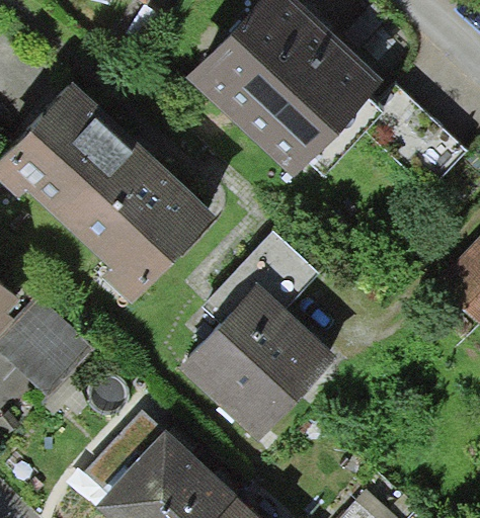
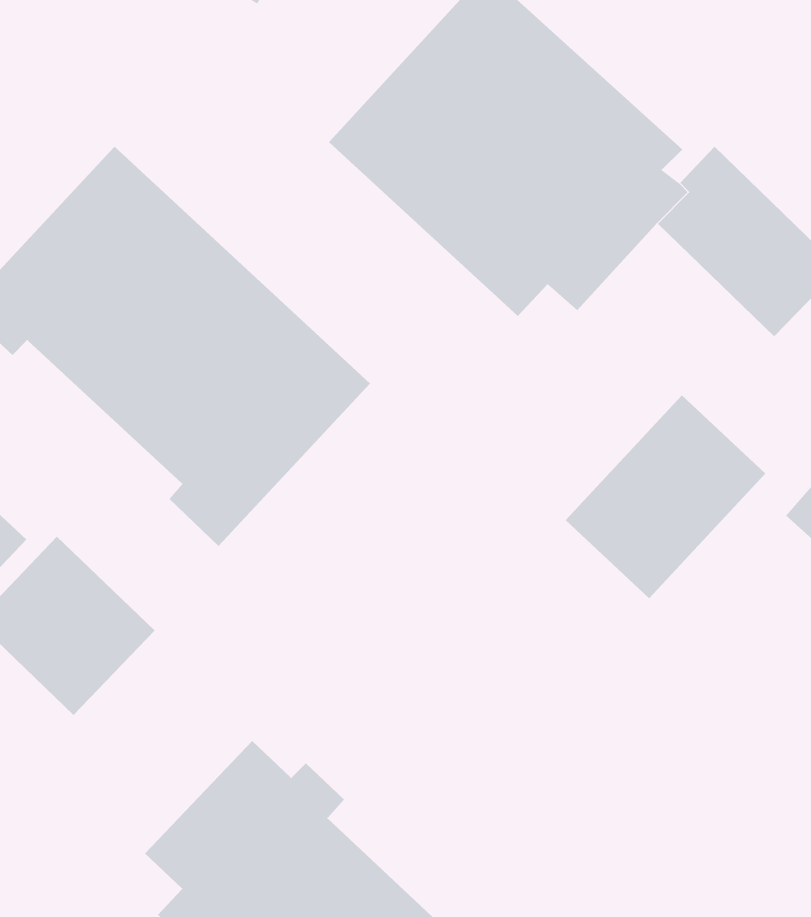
building: none -> [565,395,766,599]
building: [186,229,339,438] -> none

